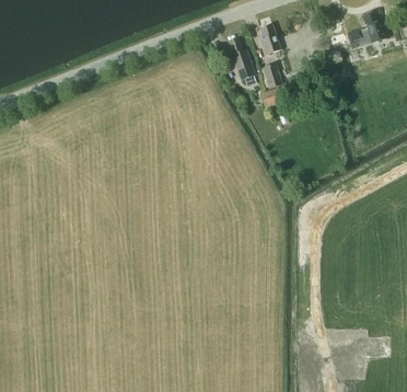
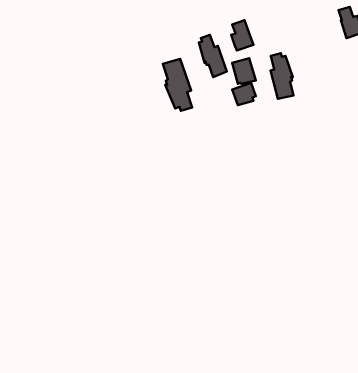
building: none -> [270,53,294,99]
building: none -> [163,59,192,111]

